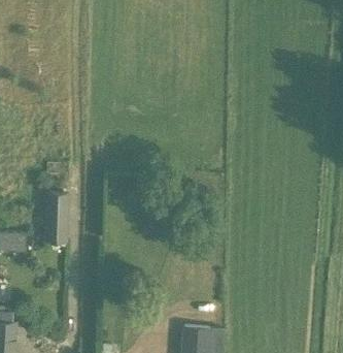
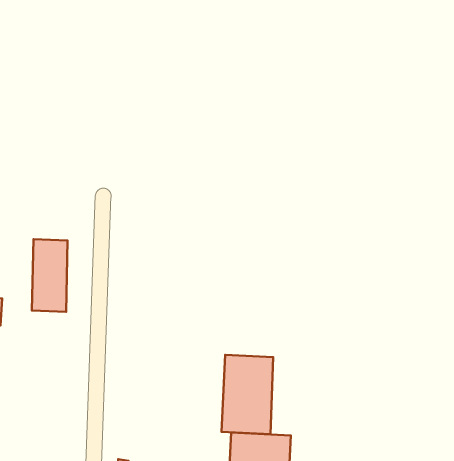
building: none -> [222,355,273,434]

